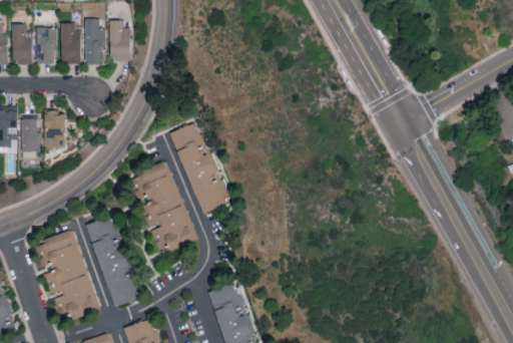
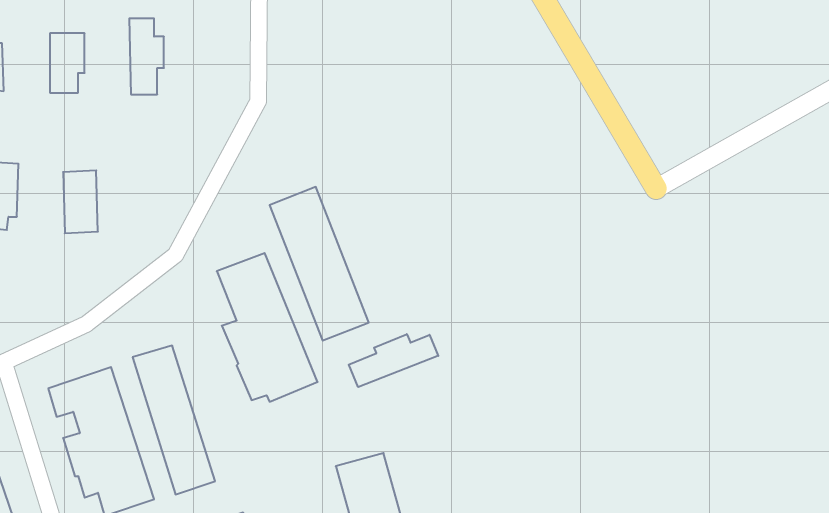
building: [109,20,129,57] -> none
building: [60,23,80,64] -> none
building: [11,24,32,63] -> none
building: [21,119,41,150] -> none
building: none -> [349,334,438,387]

